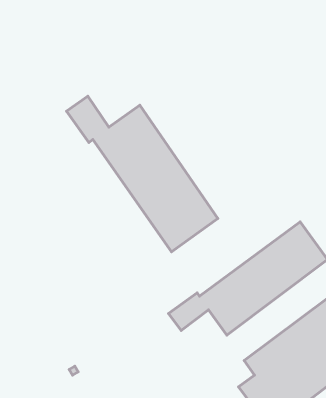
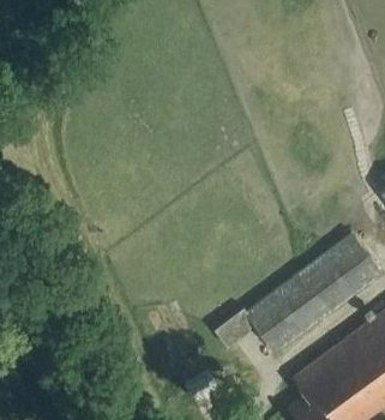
building: [66,96,218,252] -> none

